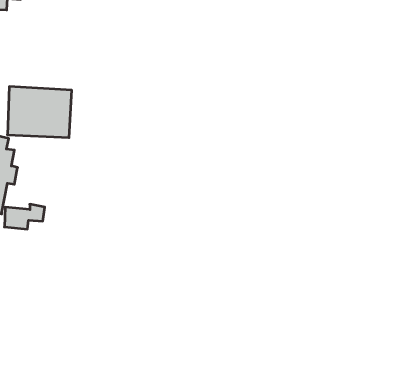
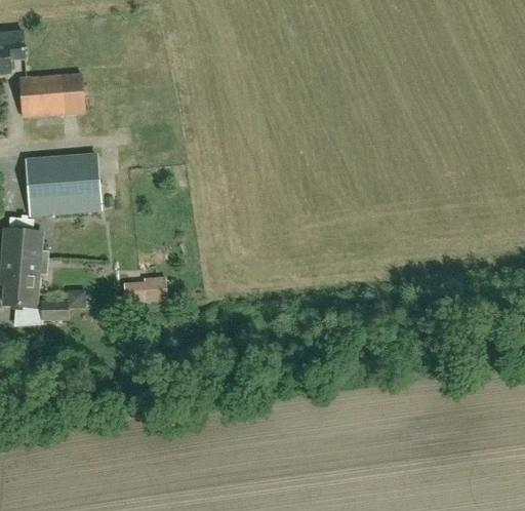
building: none -> [17,74,83,117]
building: none -> [133,277,166,304]

